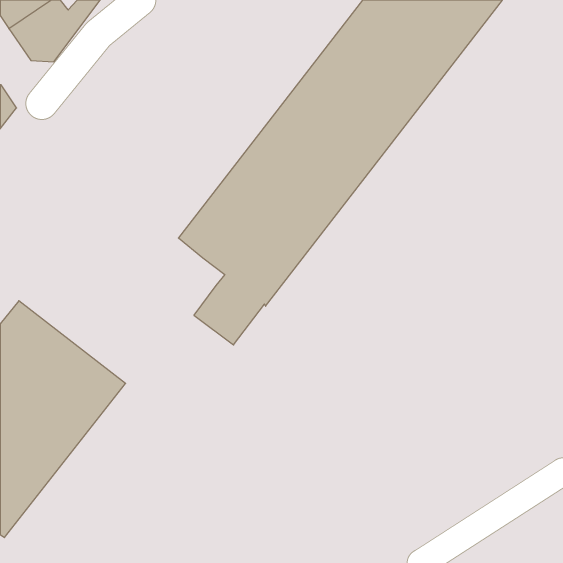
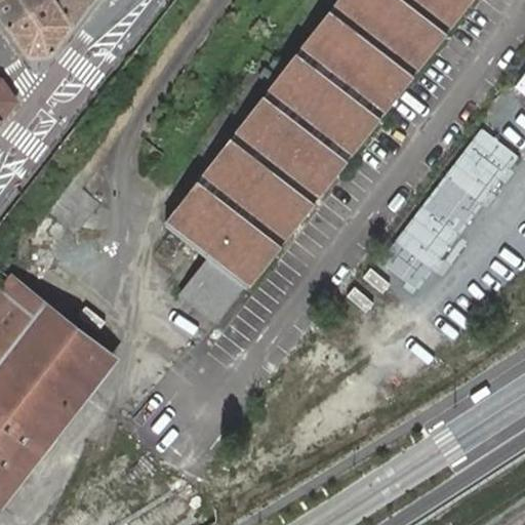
building: none -> [382,124,520,289]

